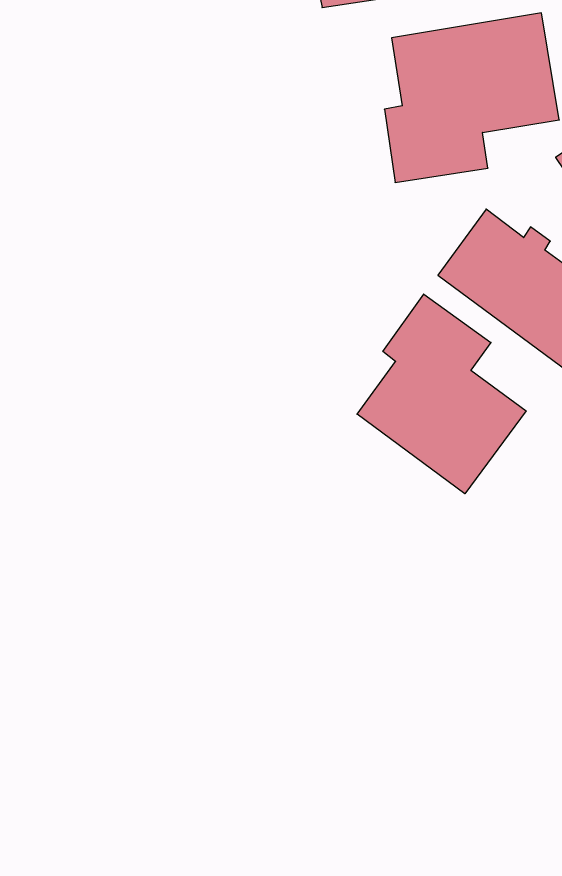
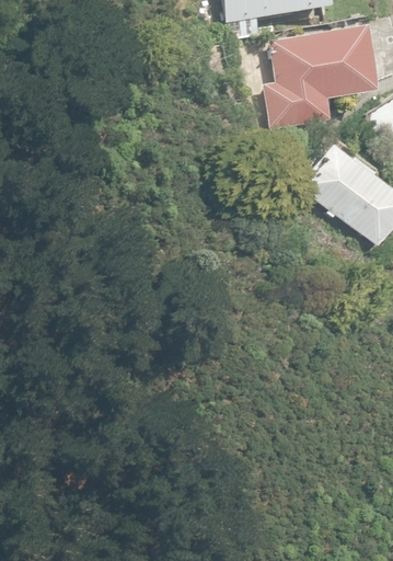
building: [357,294,526,494] -> none

